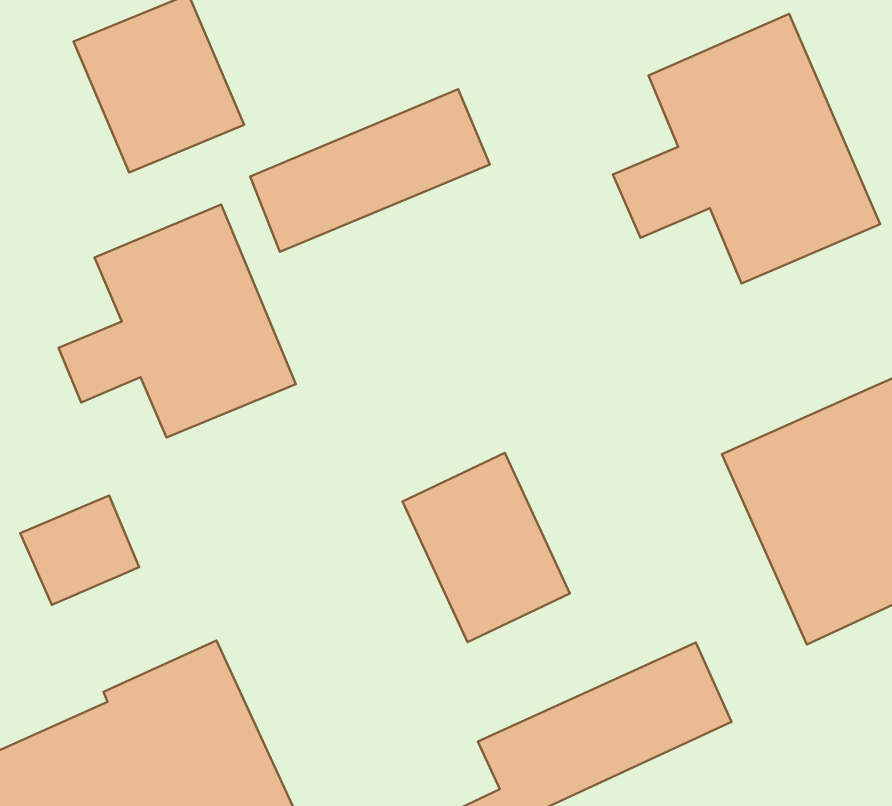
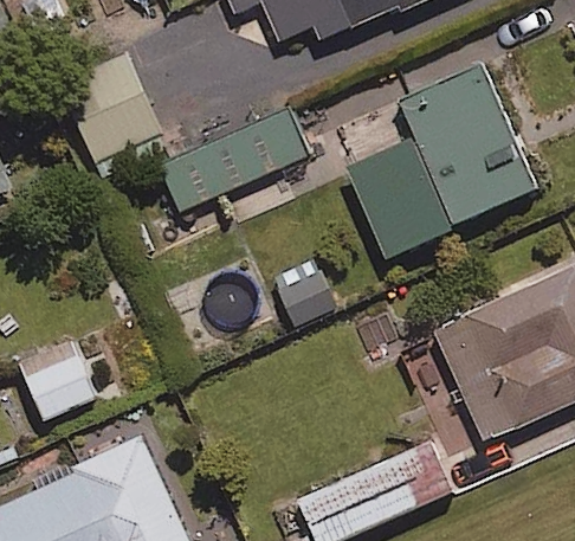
building: [59,204,296,437] -> none
building: [403,453,570,642] -> none

